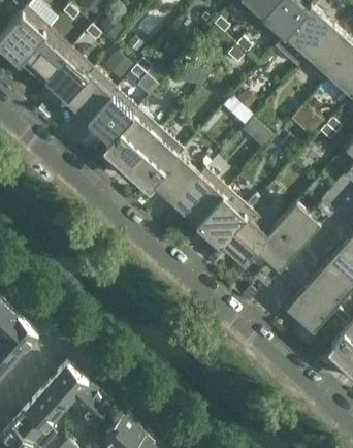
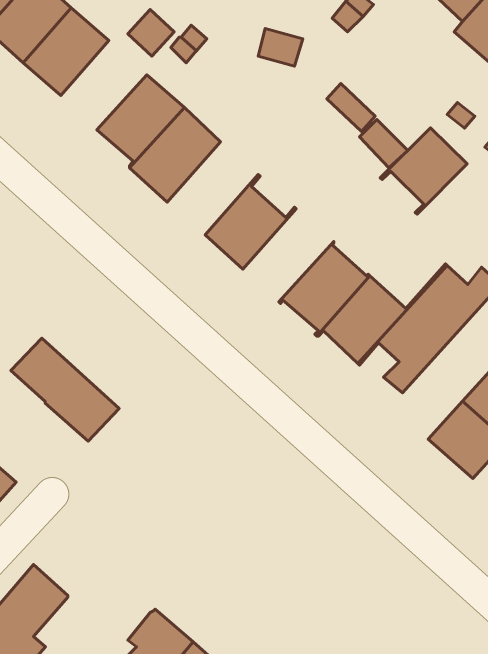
building: [64,69,116,123] -> none
building: none -> [380,128,467,214]
building: [128,130,183,186] -> none
building: [173,170,228,226] -> none
building: [47,364,113,426] -> [11,338,119,441]

